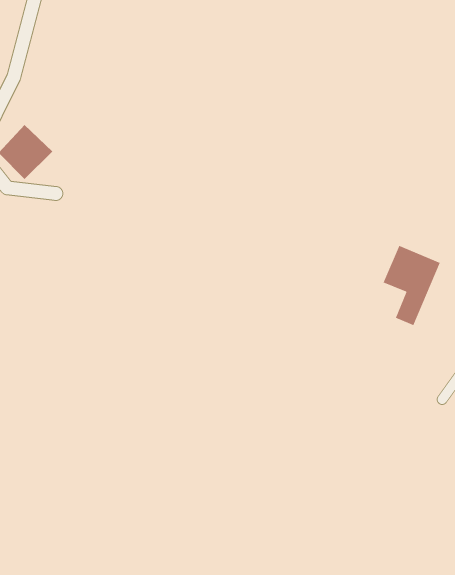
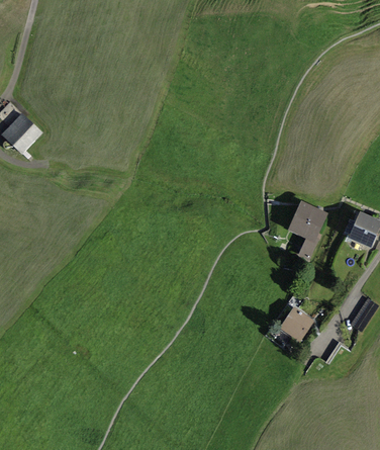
building: none -> [277,306,313,344]

